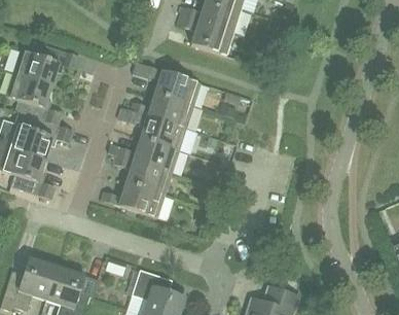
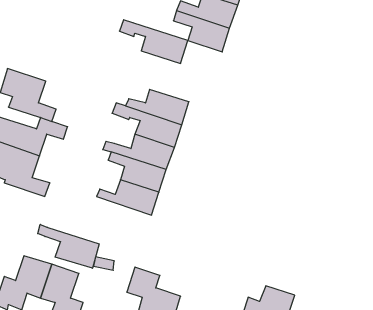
building: [12,40,78,84] -> none
building: [132,62,199,105] -> [119,20,188,63]
building: none -> [38,224,99,268]

